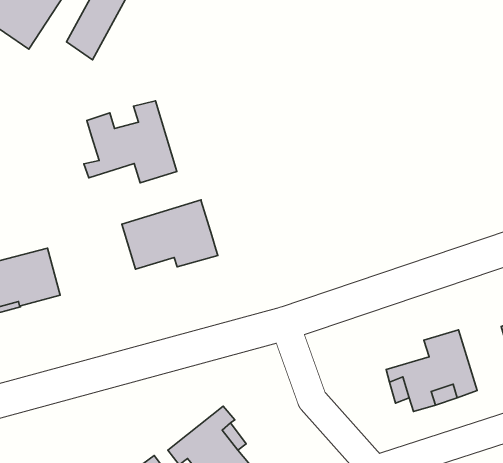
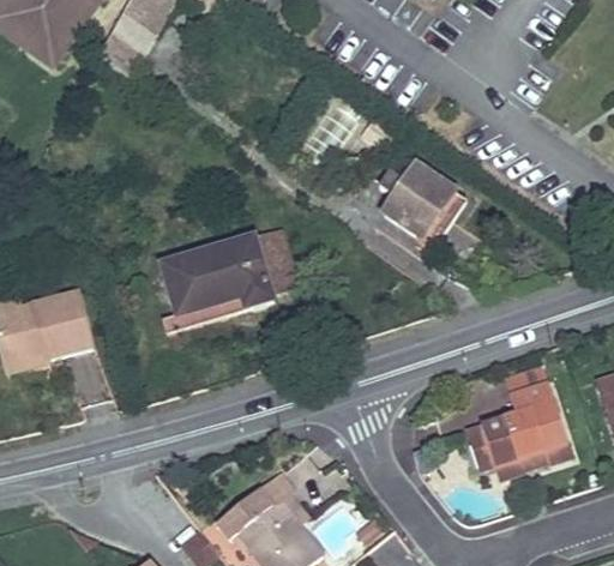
building: [84,101,177,183] -> none
building: none -> [380,159,468,239]
building: none -> [254,230,297,294]

